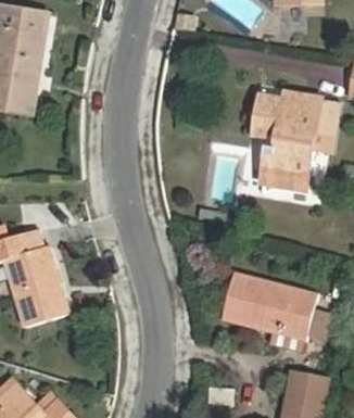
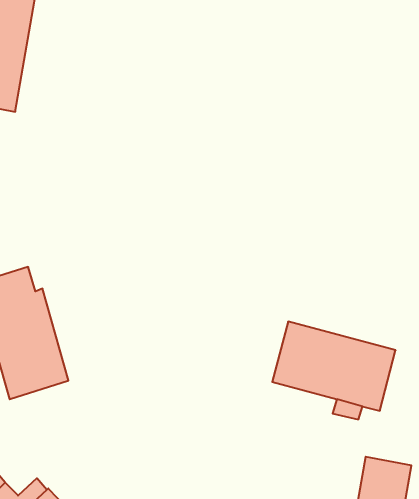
building: [251,87,324,189] -> none

